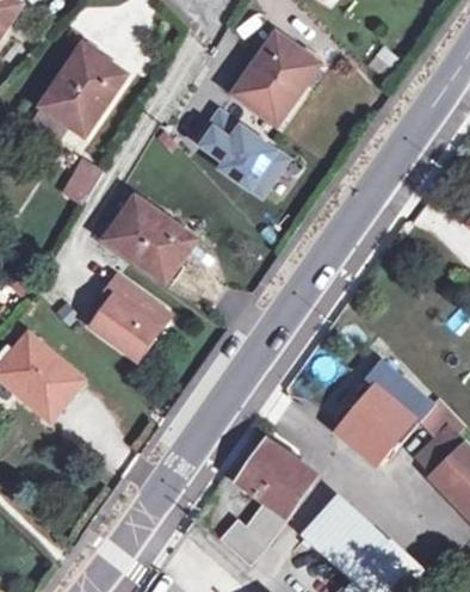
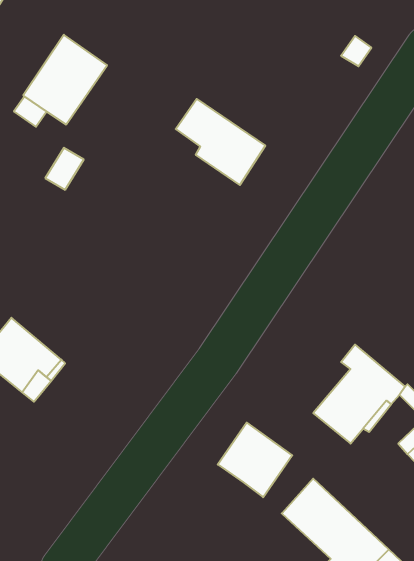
building: [233,32,319,124] -> none
building: [104,196,196,282] -> none
building: [91,276,168,358] -> none
building: [218,501,285,565] -> none

